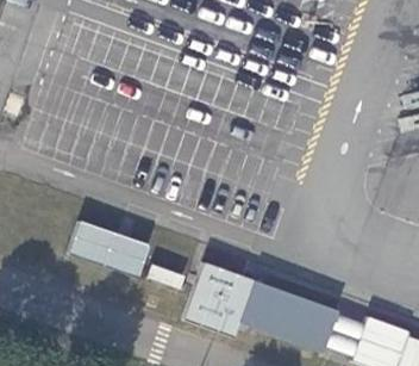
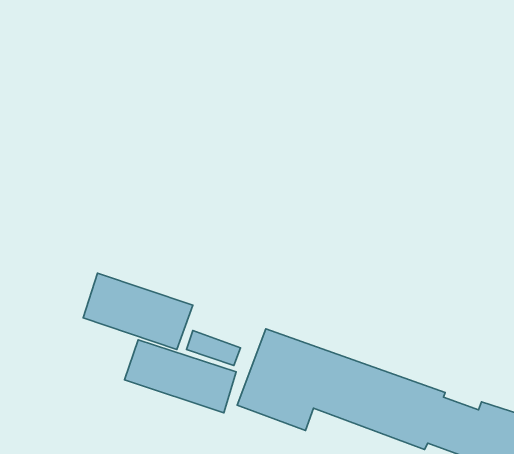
building: none -> [124,340,236,413]

